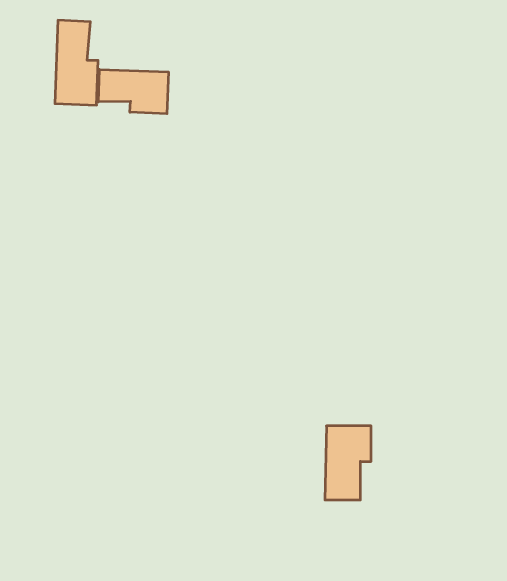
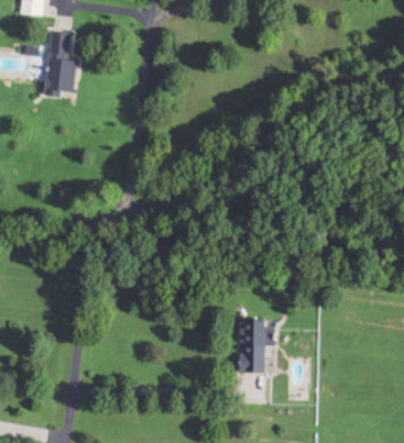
building: [98,69,168,114] -> none

